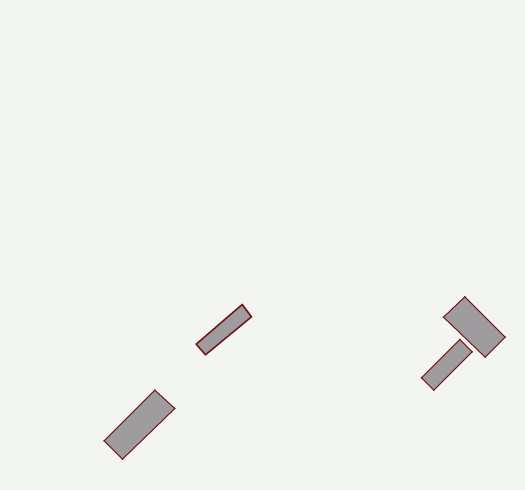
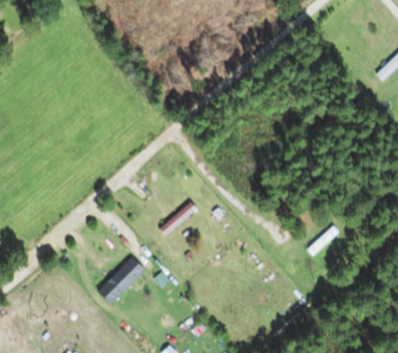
building: [443,297,505,357] -> none

